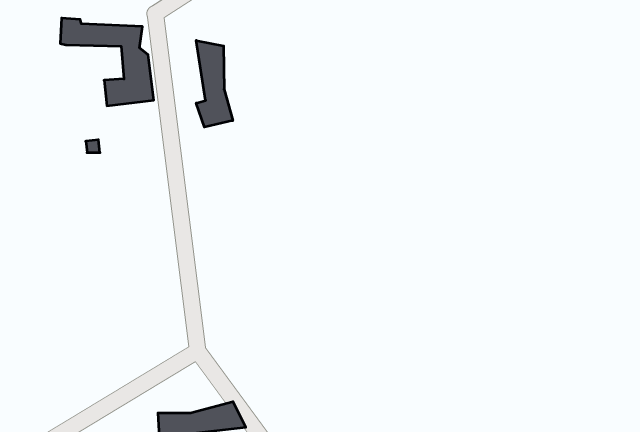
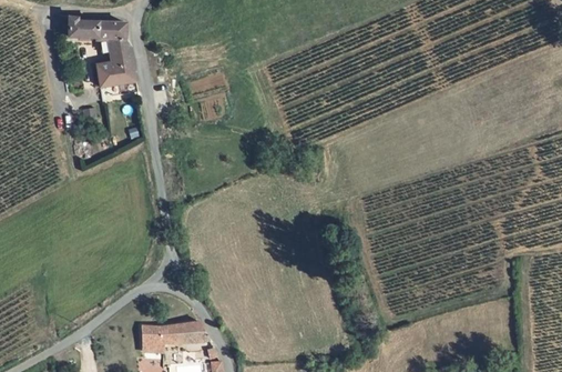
building: [196,40,233,127] -> none

